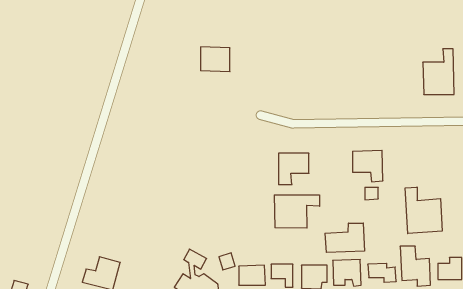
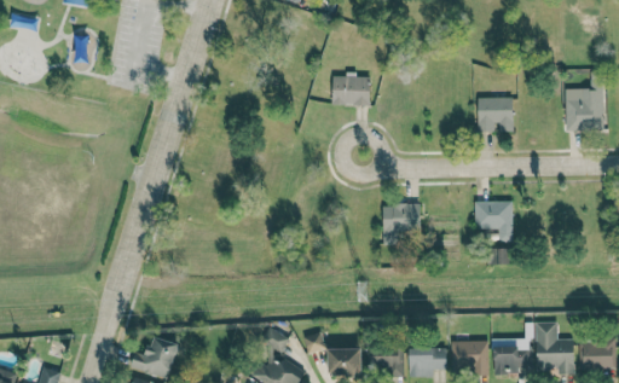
building: [201,47,230,72] -> [331,75,369,106]
building: none -> [476,98,513,133]
building: [405,187,442,234] -> none
building: [274,195,320,228] -> none
building: [325,223,364,252] -> none

